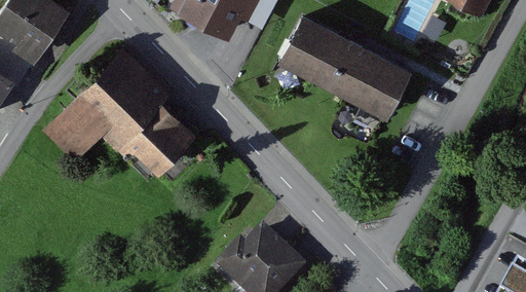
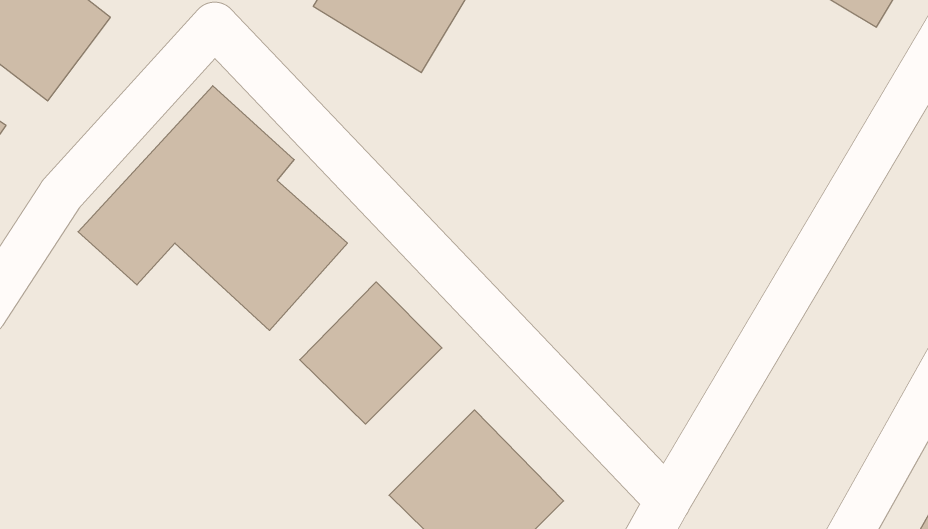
building: [279,15,408,115] -> none
building: none -> [300,282,442,424]

